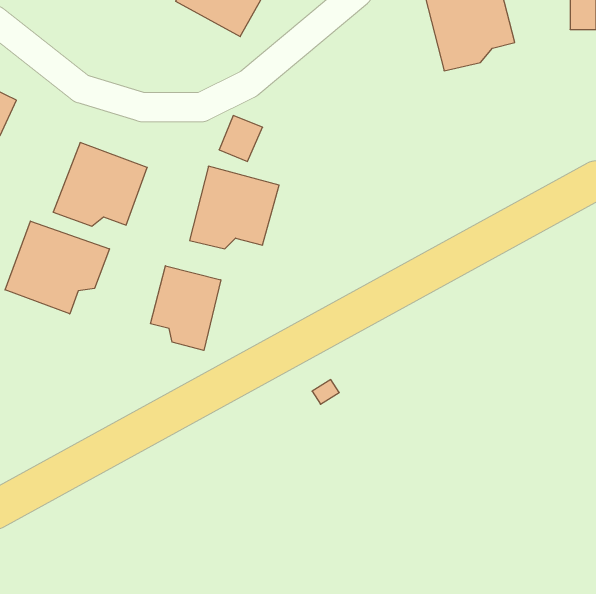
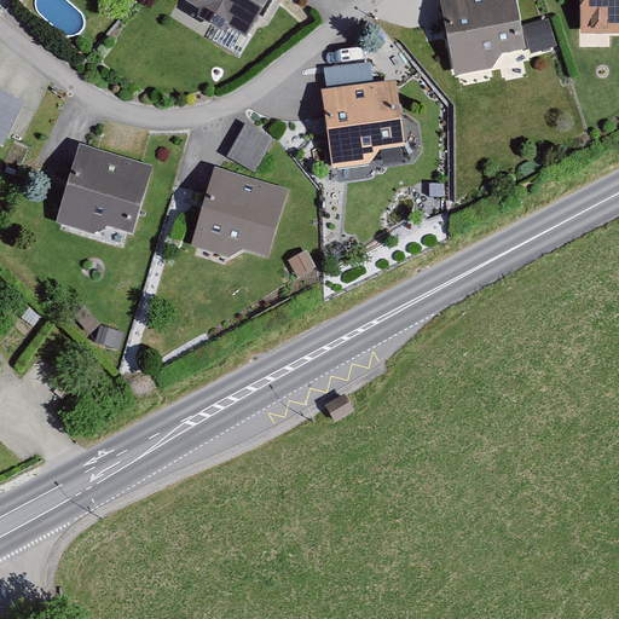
building: none -> [320,59,405,167]
building: [5,221,109,314] -> none
building: [151,266,221,350] -> none

